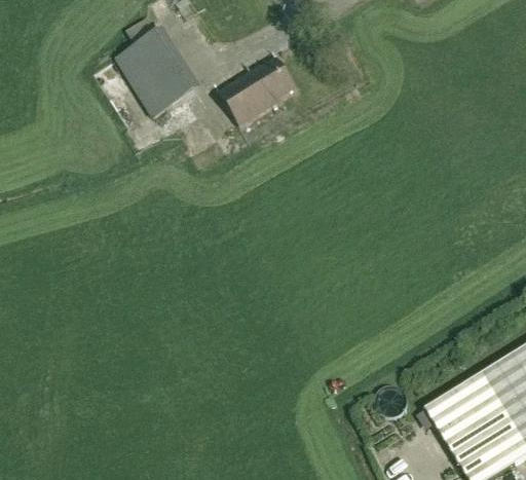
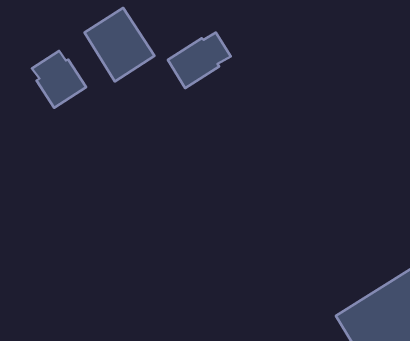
building: none -> [32,51,86,108]

